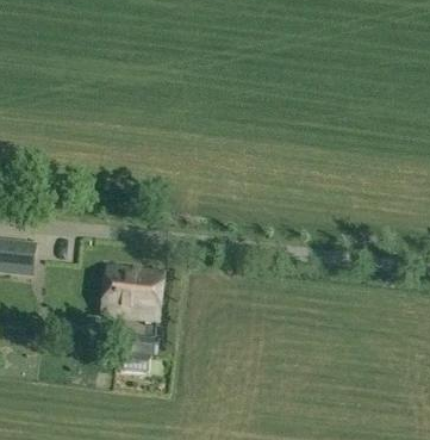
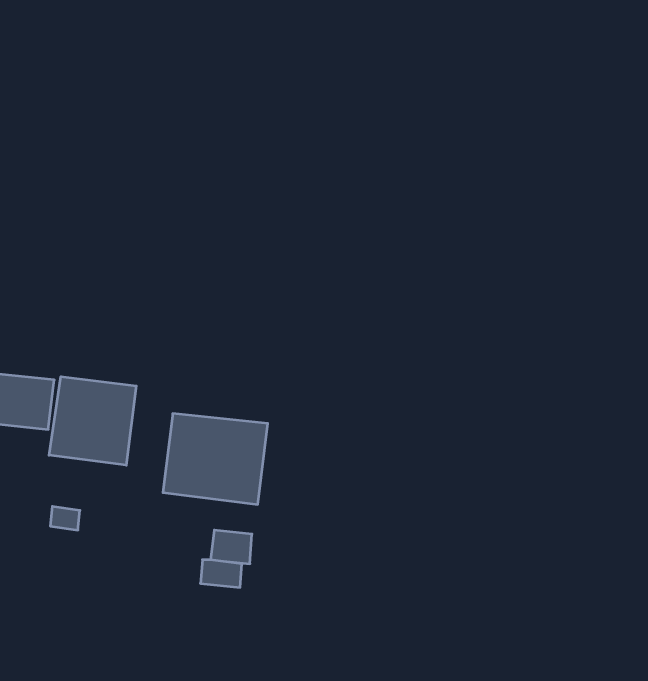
building: none -> [49,377,136,465]

